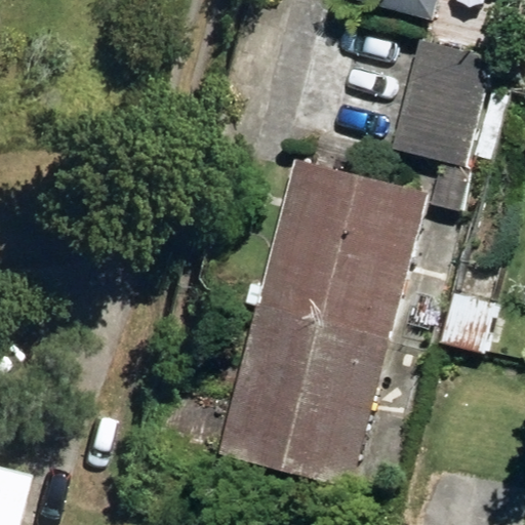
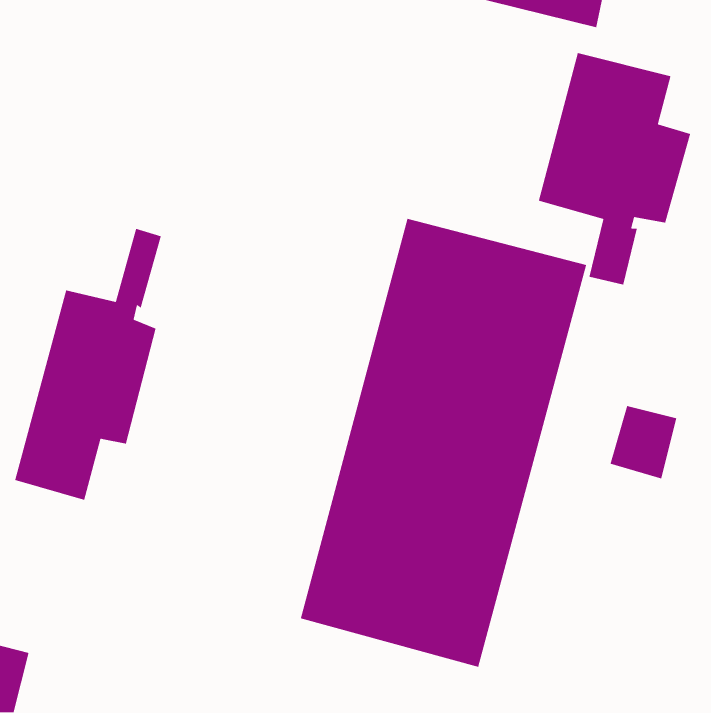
building: none -> [14,228,162,501]

